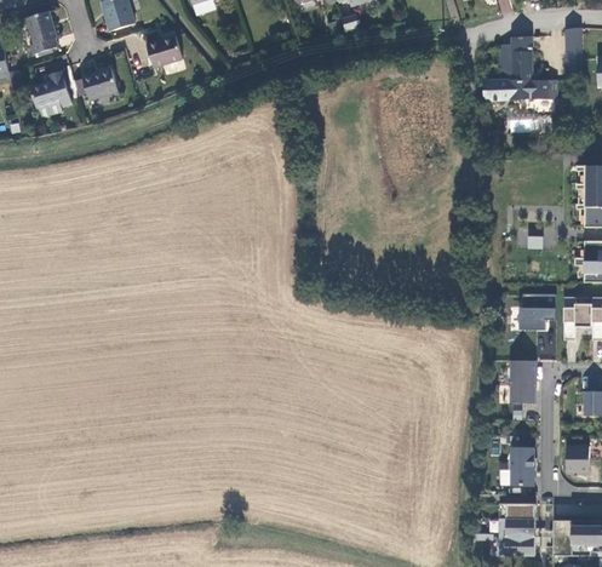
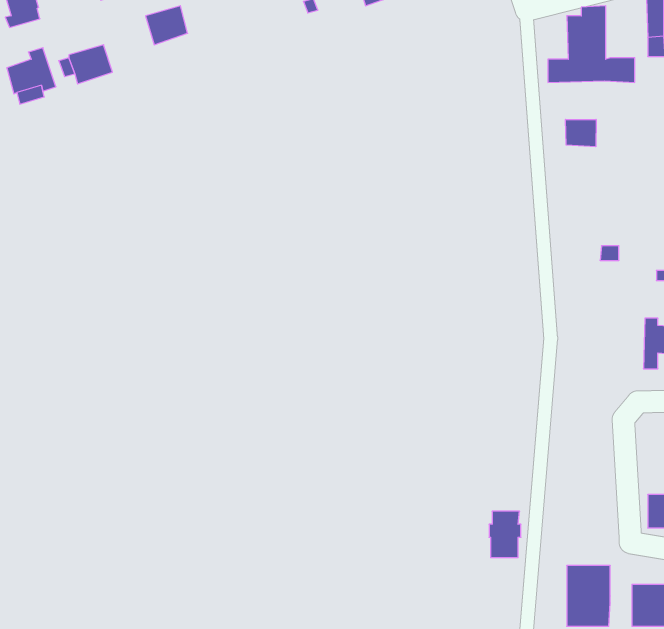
building: none -> [566,119,596,147]
building: [518,293,556,330] -> none
building: [510,360,535,402] -> none
building: [509,447,535,486] -> [489,511,521,558]

